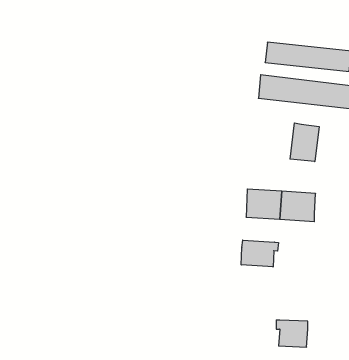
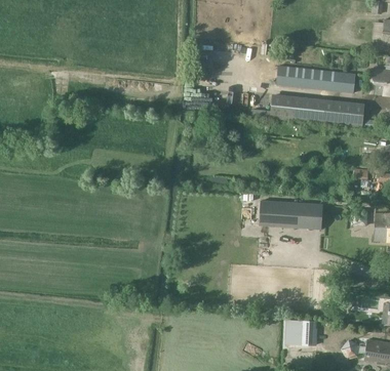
building: [290,123,319,162] -> none
building: [241,240,278,267] -> none

